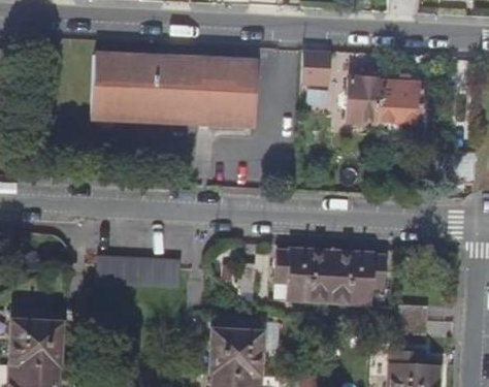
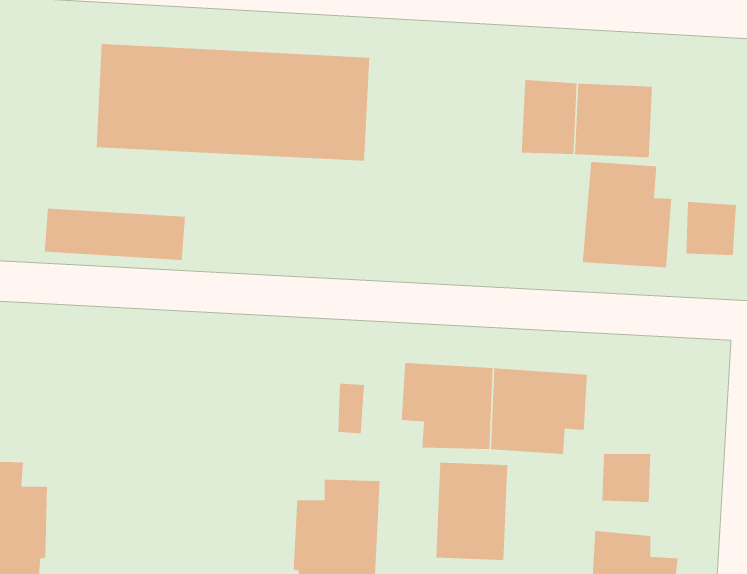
building: [302,53,330,85] -> none
building: none -> [582,161,672,268]
building: [96,255,182,287] -> [44,208,186,261]
building: none -> [435,462,508,561]

